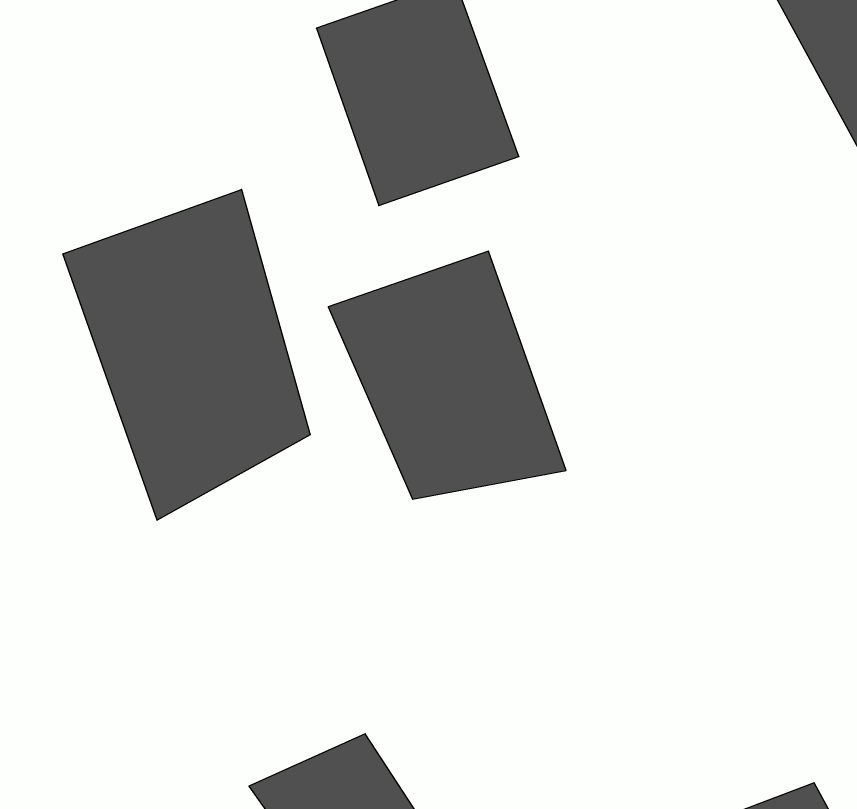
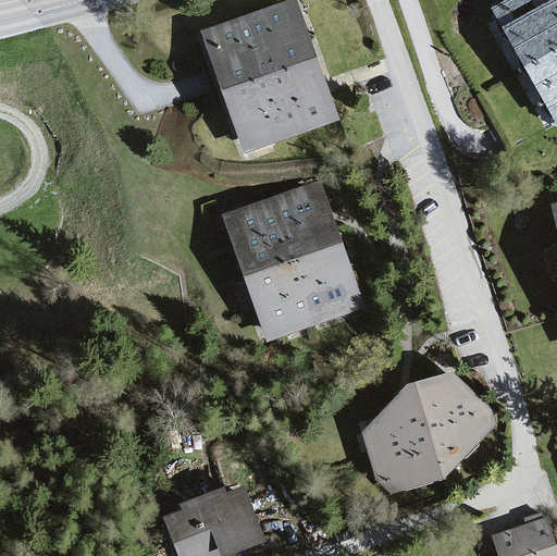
building: [63,189,310,520] -> none
building: none -> [361,376,498,496]

